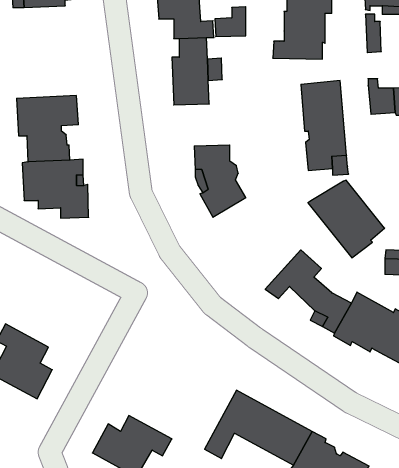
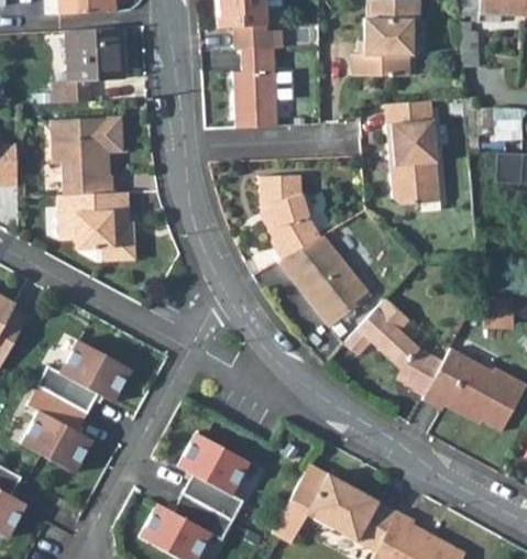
building: none -> [53,26,124,102]
building: [308,180,385,258] -> [278,235,369,327]
building: none -> [37,340,131,413]
building: none -> [178,432,250,520]

